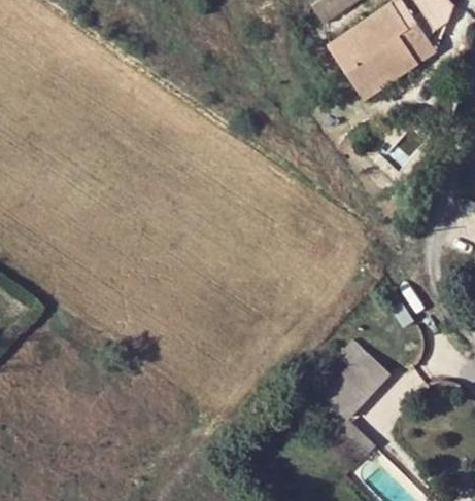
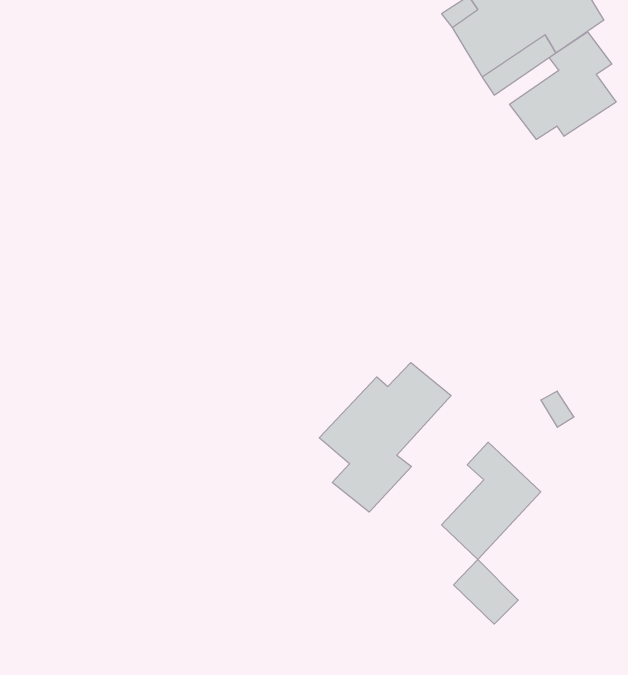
building: none -> [510,32,616,139]
building: none -> [319,363,451,512]

